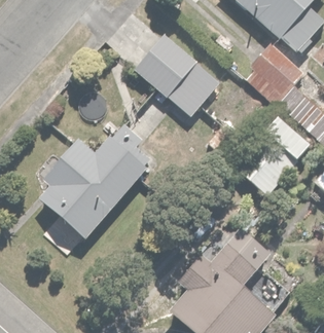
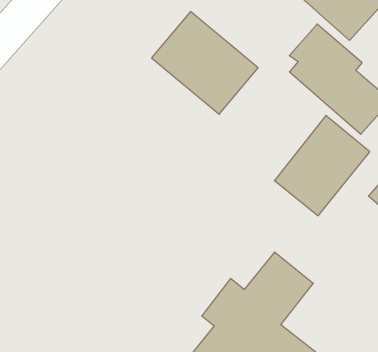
building: [37,135,147,237] -> none

